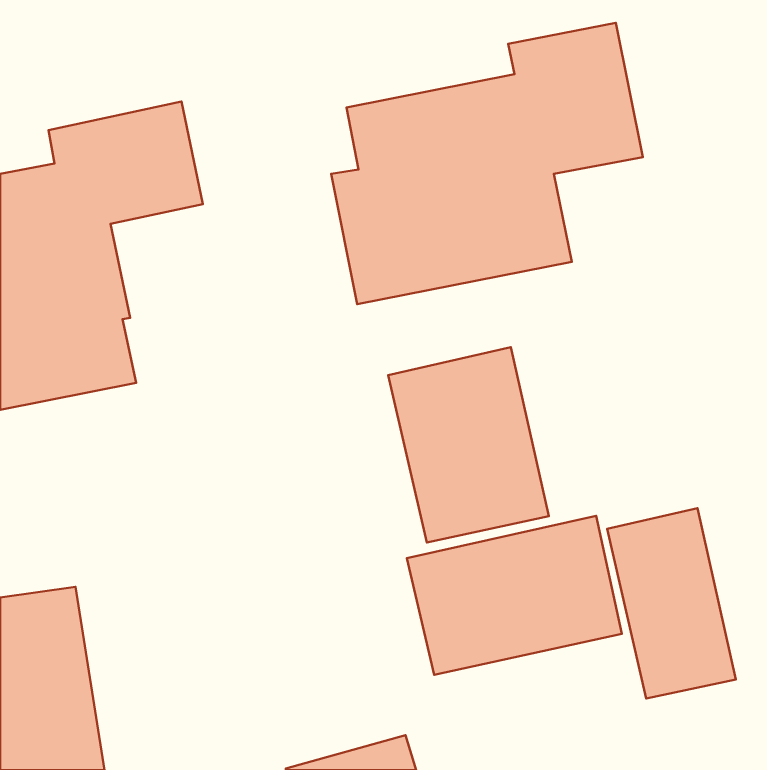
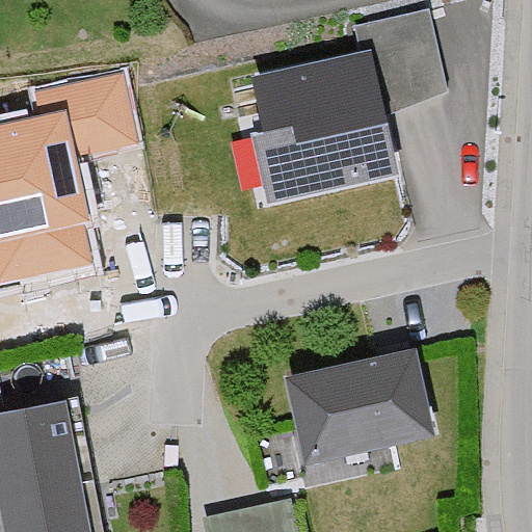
building: [388,347,549,543] -> none
building: [607,508,736,699] -> none

